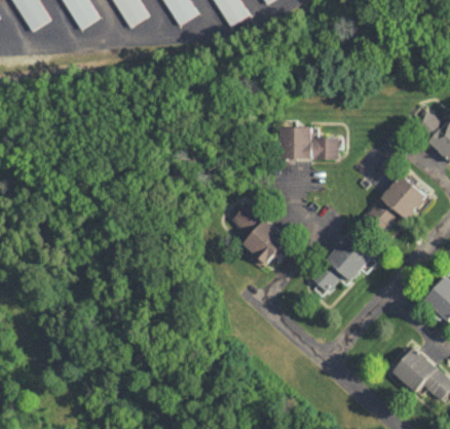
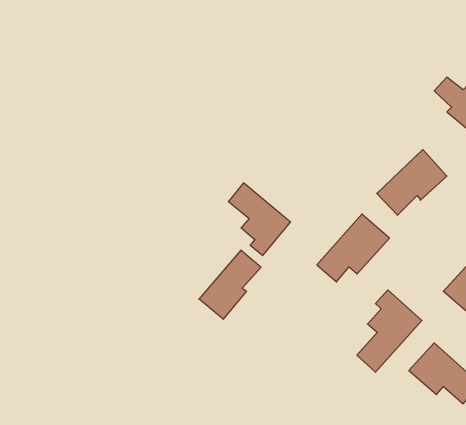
building: [280,125,339,159] -> none
building: none -> [199,250,261,319]
building: none -> [357,290,422,372]

